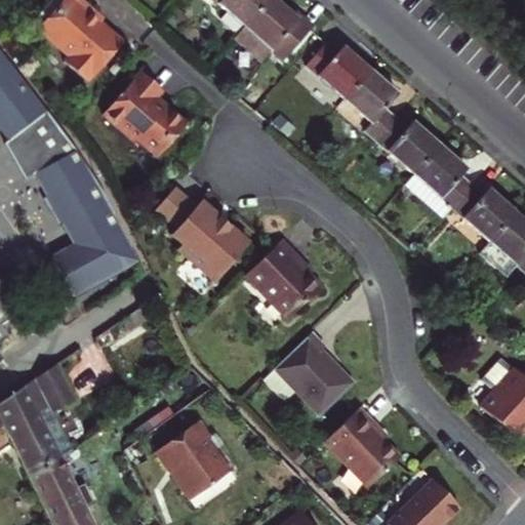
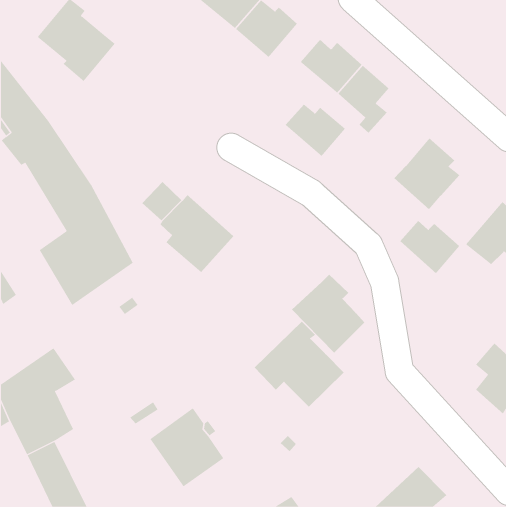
building: [98,74,181,160] -> none
building: [382,116,445,170] -> [285,104,346,157]
building: [457,180,520,236] -> [399,220,460,274]
building: [241,244,317,326] -> [291,274,365,353]
building: [323,406,403,489] -> none

